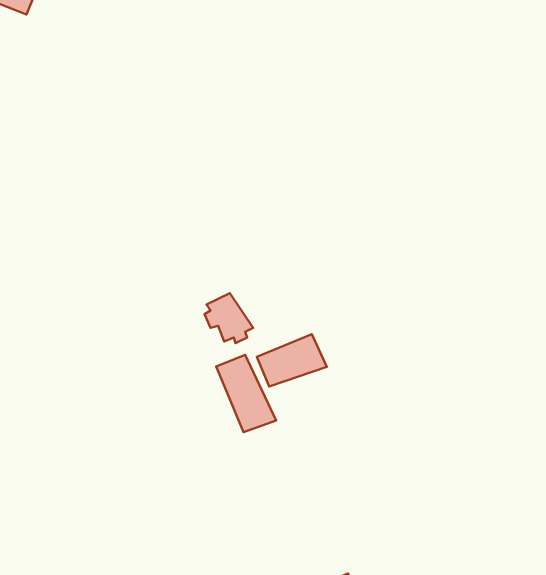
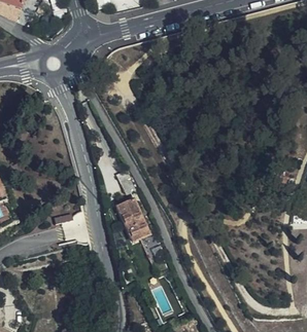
building: [257,334,327,386] -> none

